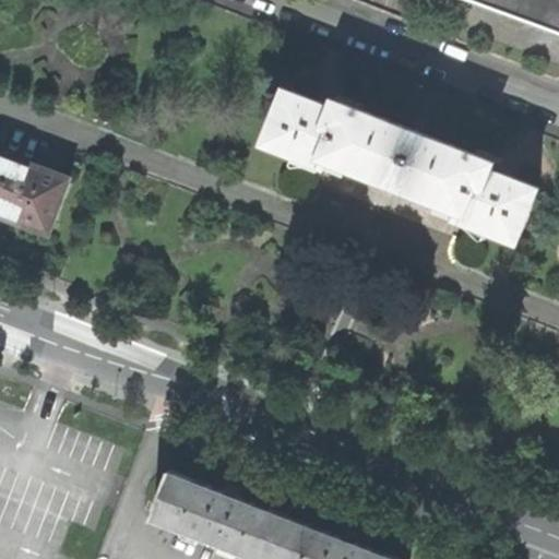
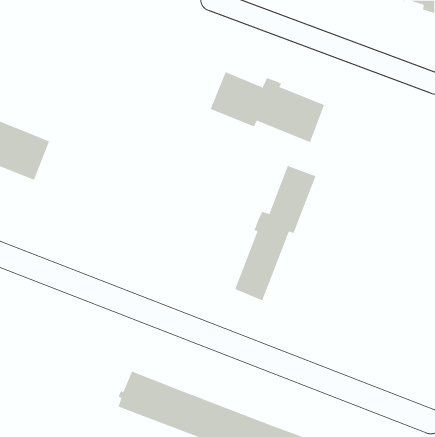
building: [394,136,535,240] -> none
building: none -> [234,165,316,301]

